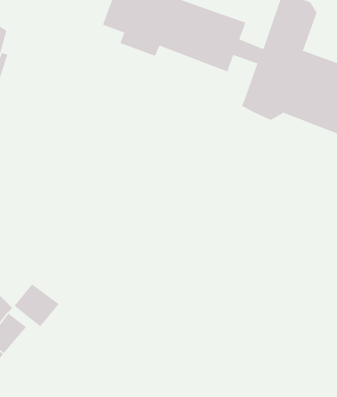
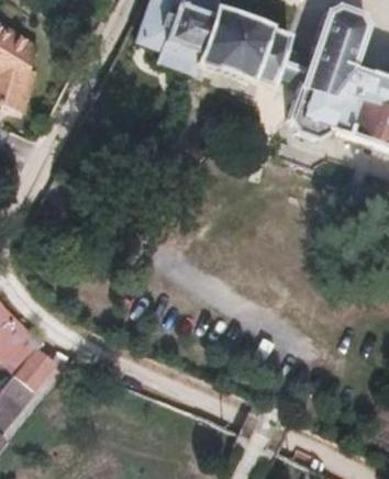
building: [14,284,59,327] -> none

